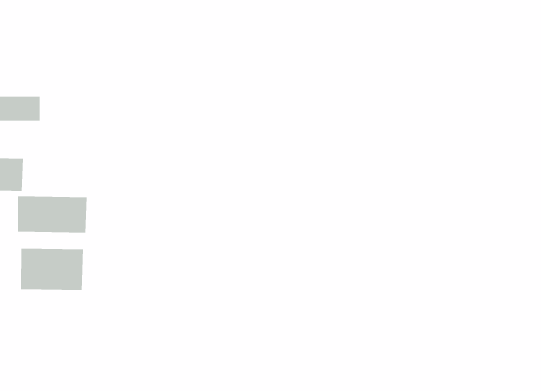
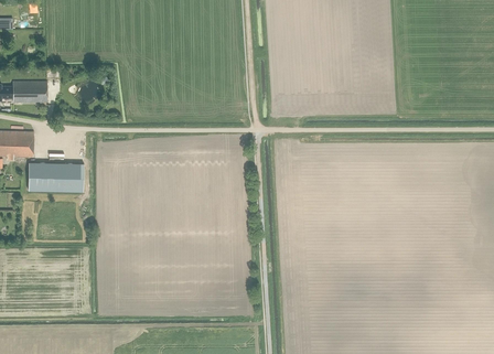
building: [21,248,84,291] -> none

